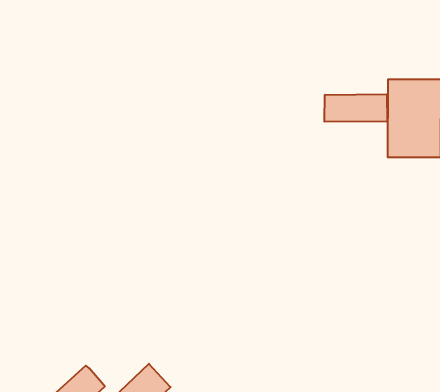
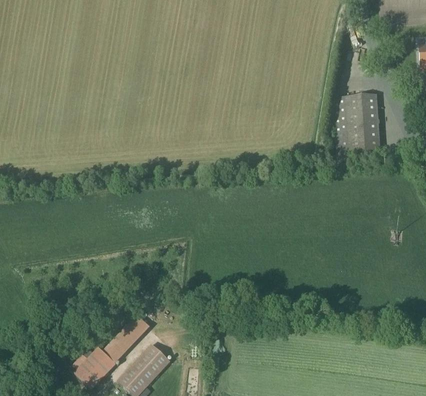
building: [324,94,387,122] -> none
building: none -> [102,314,150,363]

